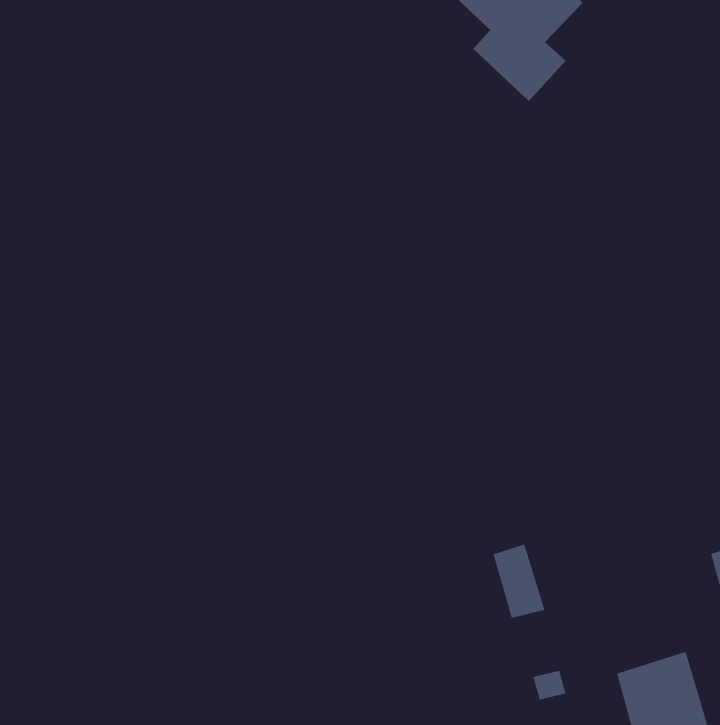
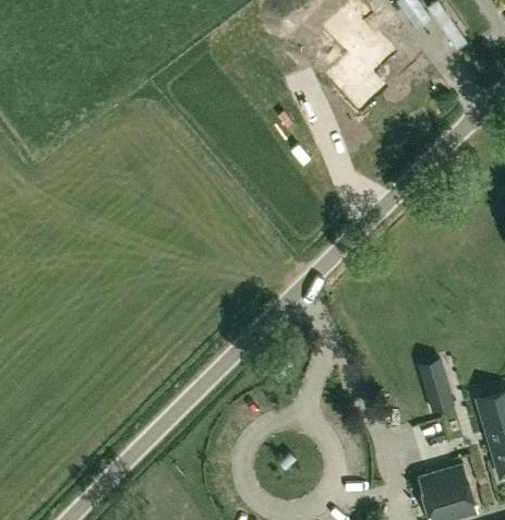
building: [492,544,545,619] -> [420,360,454,408]

